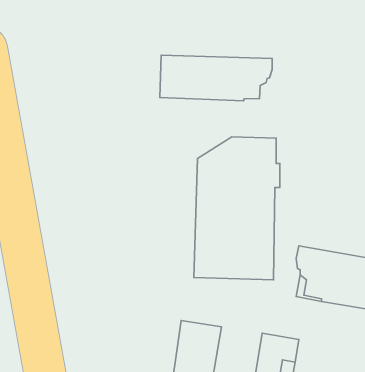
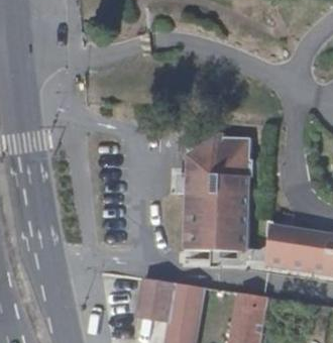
building: [160,55,272,101] -> none
building: none -> [136,277,174,318]

